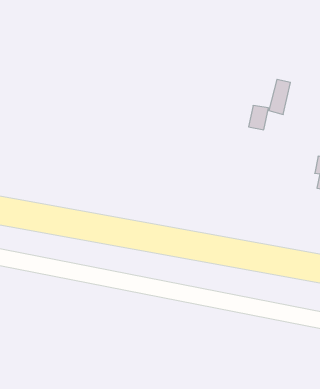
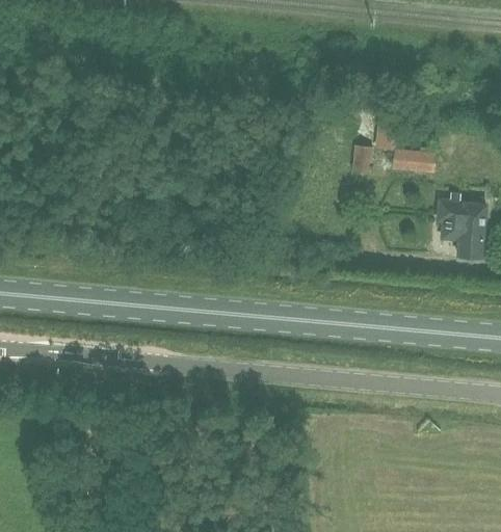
building: none -> [395,150,432,170]

